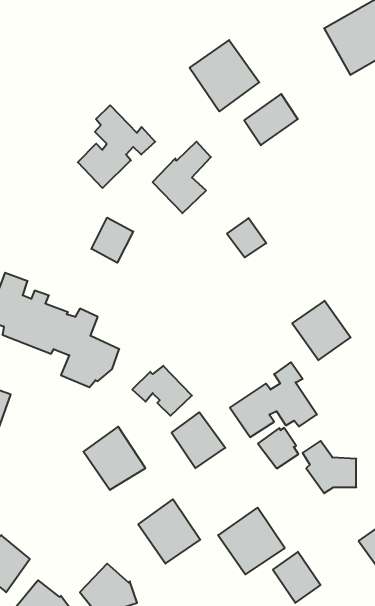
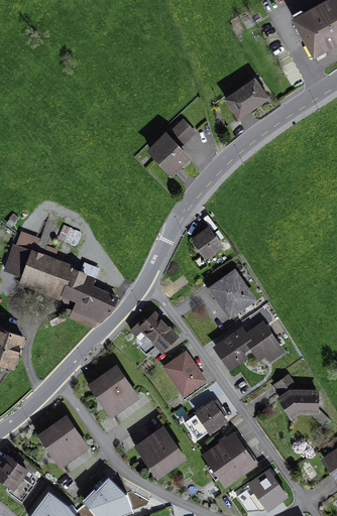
building: [190,40,259,111] -> none
building: [78,105,155,188] -> none
building: [91,218,133,263] -> none
building: [227,218,266,257] -> [190,226,223,259]
building: [292,301,351,360] -> [207,268,256,318]
building: [258,428,298,468] -> [194,400,228,434]
building: none -> [36,413,89,469]

